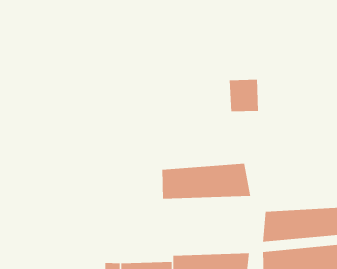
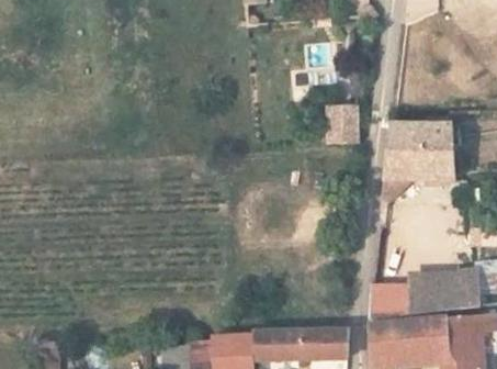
building: none -> [379,128,451,178]
building: [162,163,251,199] -> none

